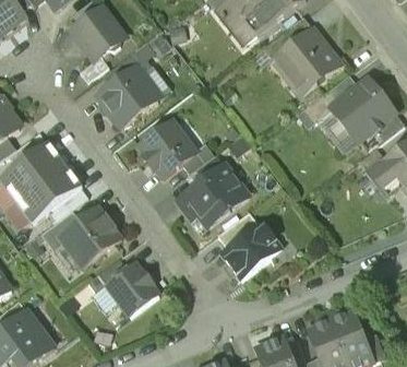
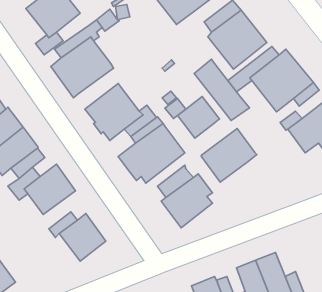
building: none -> [194,59,249,121]
building: none -> [178,97,220,138]
building: none -> [201,129,257,182]

